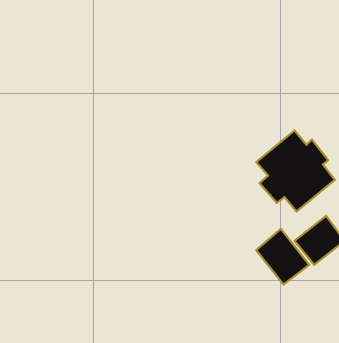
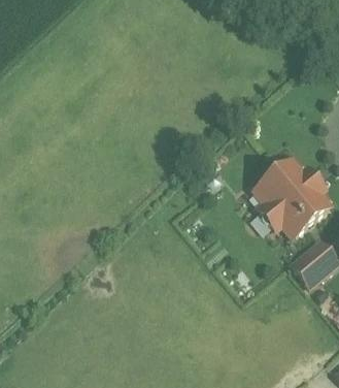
building: [256,229,309,284] -> none

